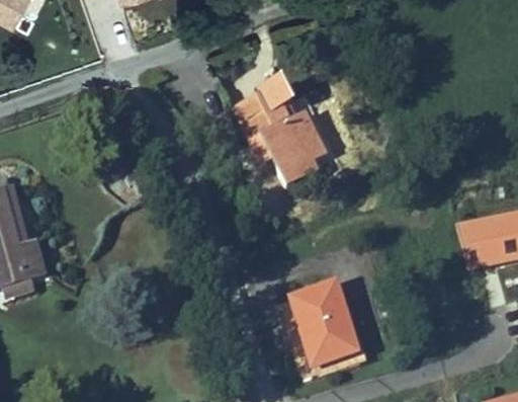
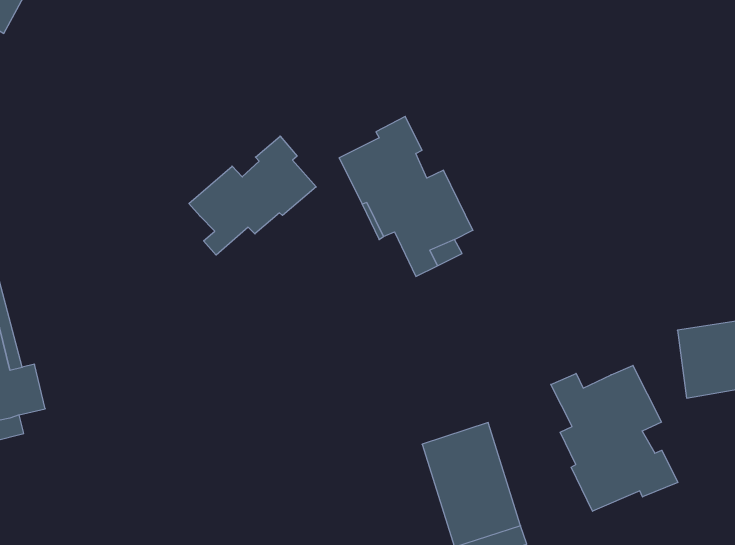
building: none -> [189,136,316,255]
building: none -> [551,365,678,511]

